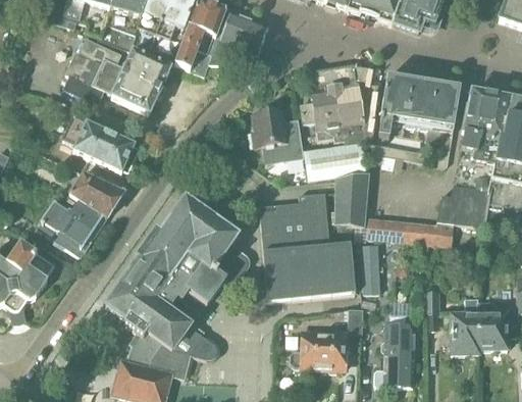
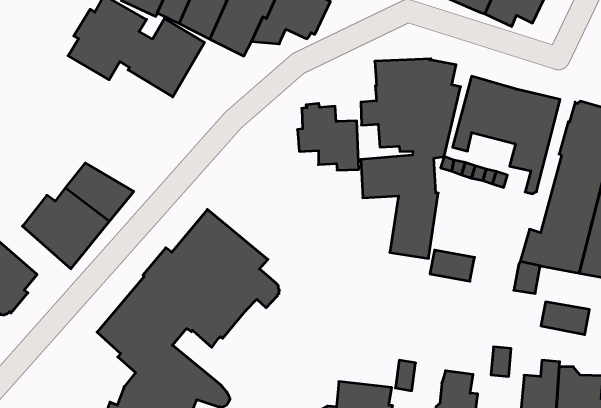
building: [63,114,136,170] -> none
building: [259,190,355,300] -> none
building: [401,218,438,242] -> [541,302,589,335]
building: [361,242,379,291] -> none

